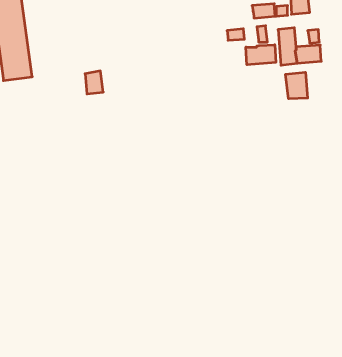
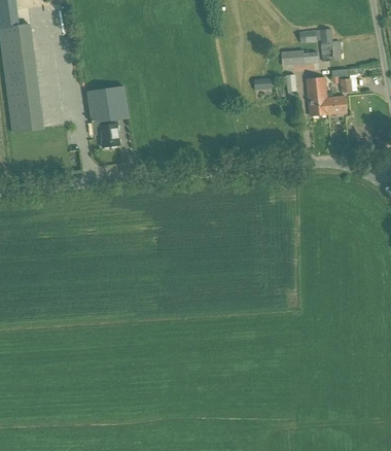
building: none -> [85,85,128,123]
building: [246,45,276,65] -> none
building: [286,72,308,99] -> none

